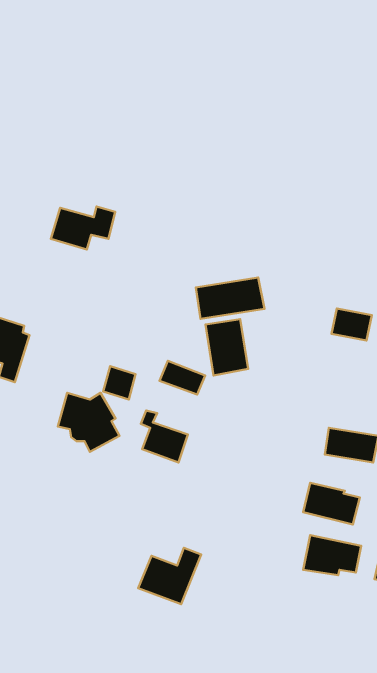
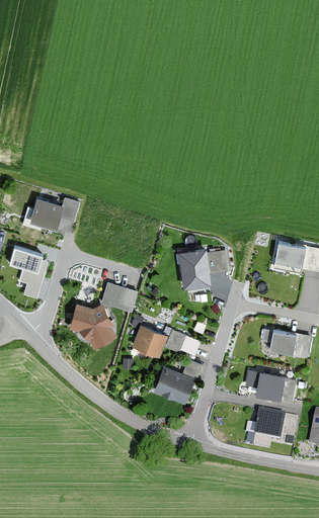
building: [51,207,115,249] -> [29,198,78,231]
building: [196,277,264,319] -> none
building: [160,361,205,394] -> [165,332,200,357]
building: [138,548,201,604] -> [152,362,200,405]

